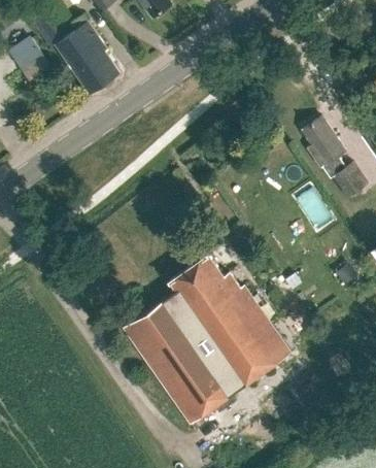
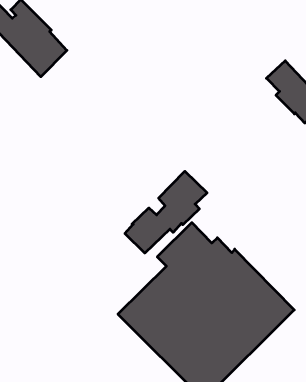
building: none -> [125,171,207,253]

